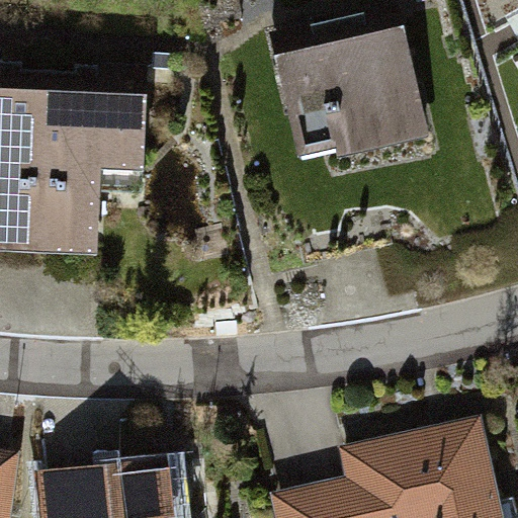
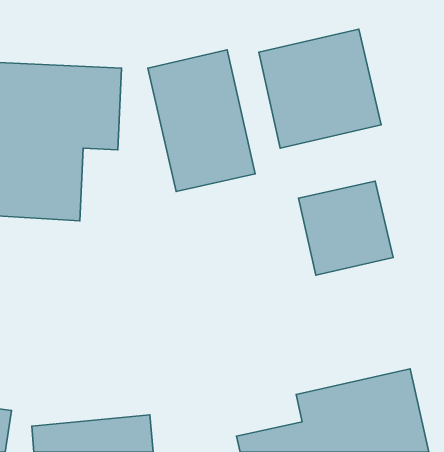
building: none -> [148,50,255,192]
building: none -> [299,181,393,275]

